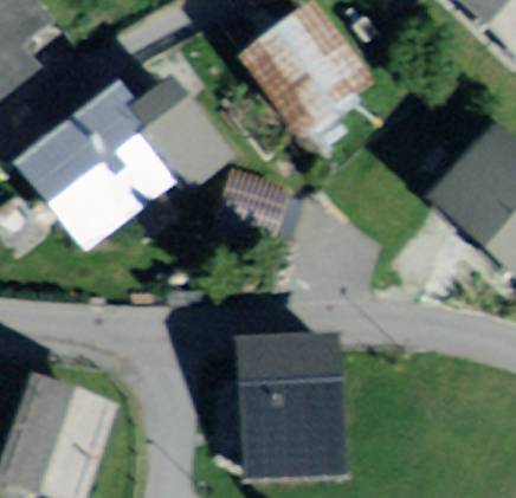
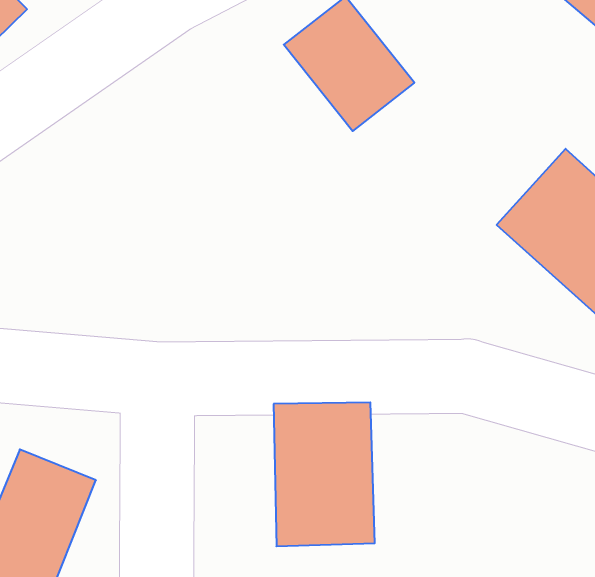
building: [28,78,198,238] -> none

